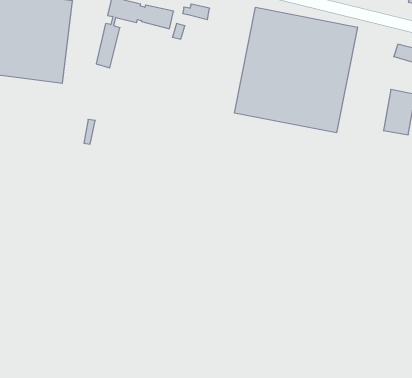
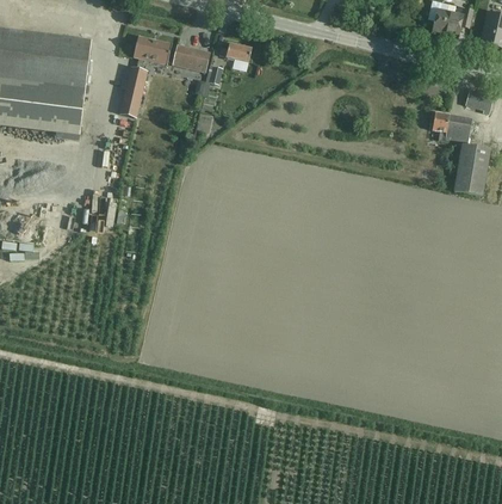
building: [235,7,357,133] -> none
building: none -> [432,111,471,141]

